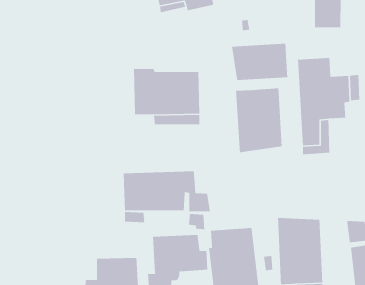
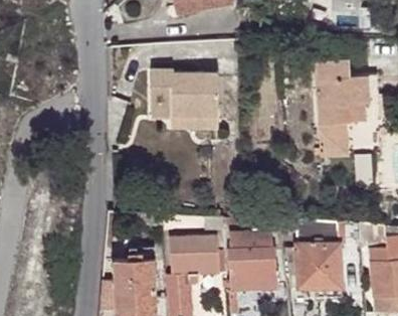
building: [231,43,288,81] -> none
building: [235,88,282,153] -> none
building: [123,170,211,212] -> none

